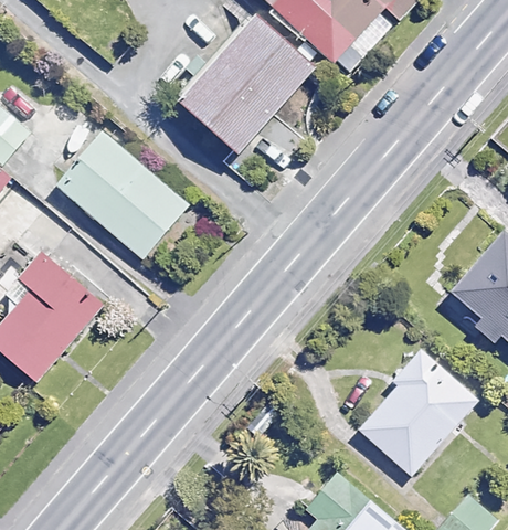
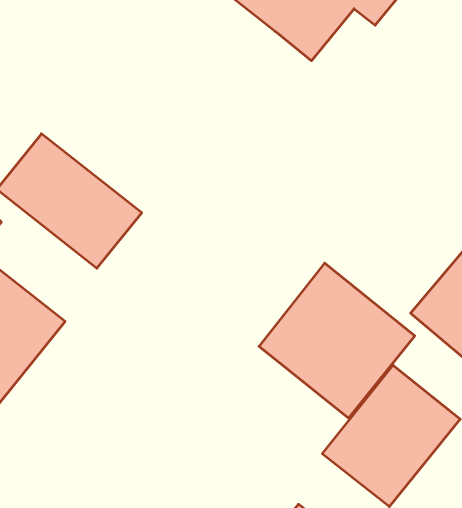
building: [171,10,320,163] -> none
building: none -> [259,263,415,418]

